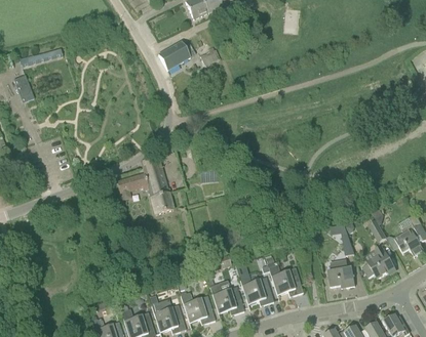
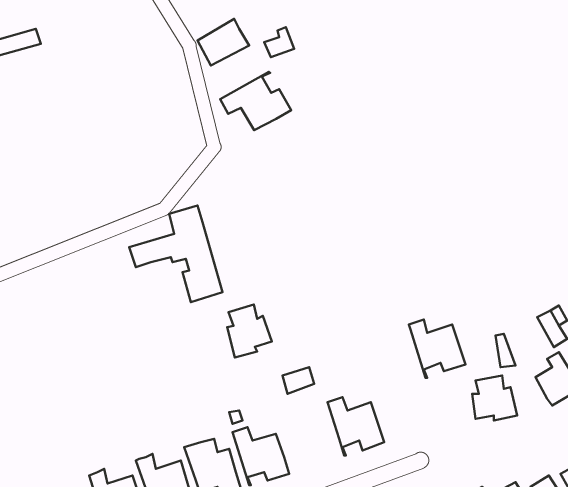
building: none -> [220,72,291,130]
building: none -> [227,304,272,358]
building: [268,263,303,299] -> [409,319,465,378]
building: [209,282,244,318] -> none

